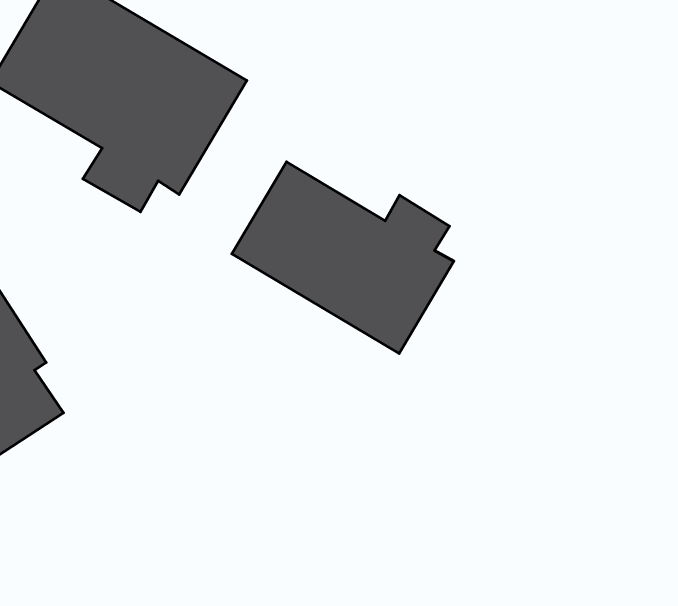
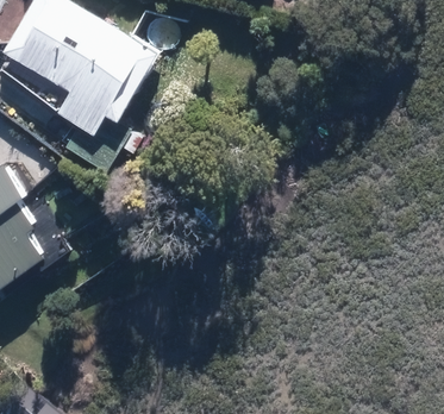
building: [232,162,454,353] -> none

